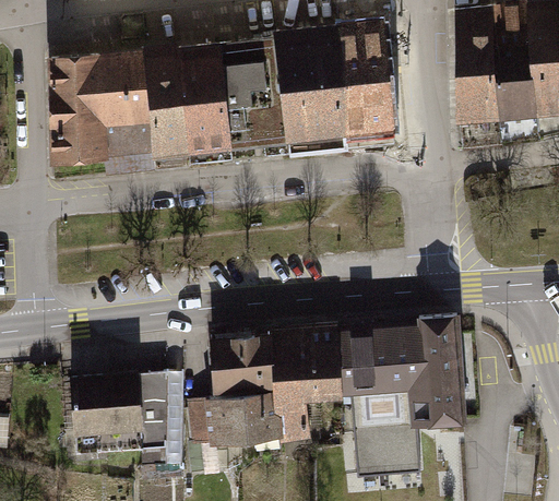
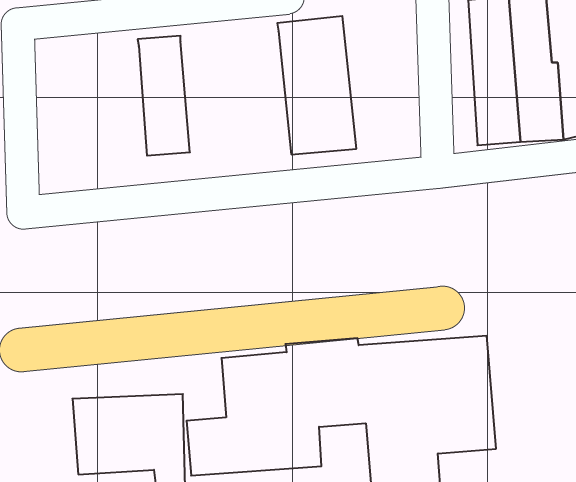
building: [333,14,395,143] -> none
building: [181,33,285,160] -> none
building: [47,47,152,172] -> none

